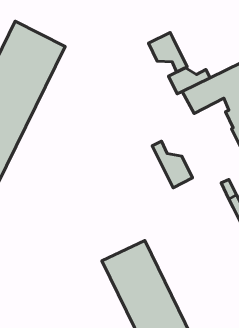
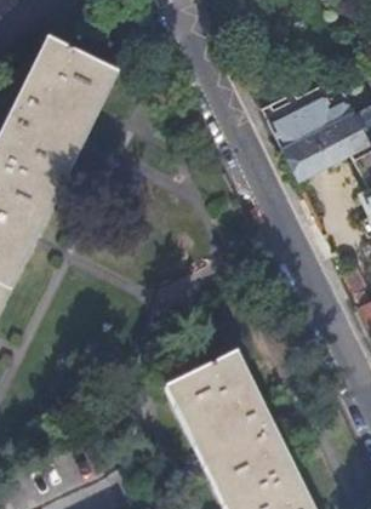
building: [149,32,187,72] -> none
building: [152,141,193,188] -> none

